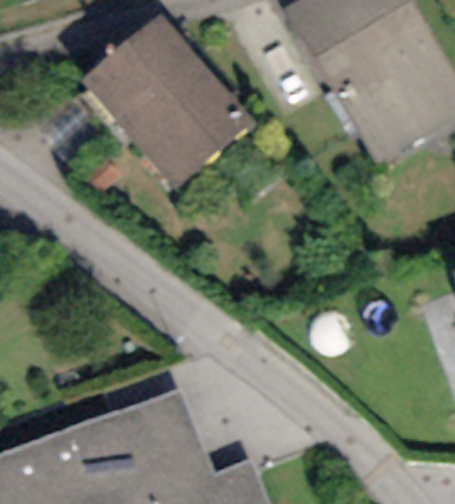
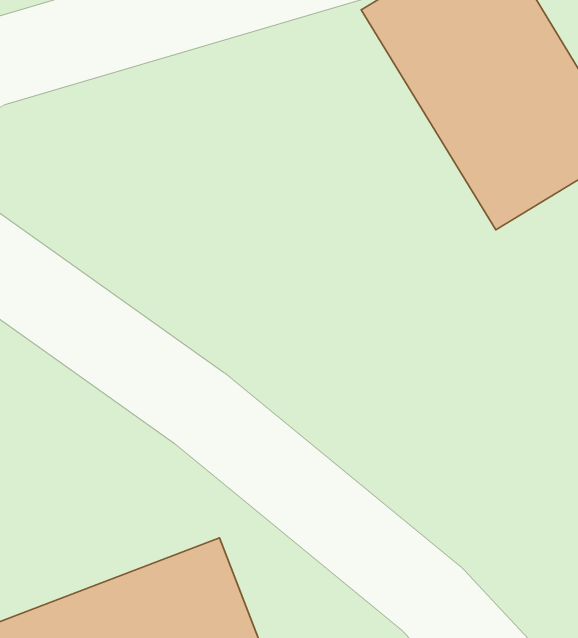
building: [82,14,254,190] -> none

